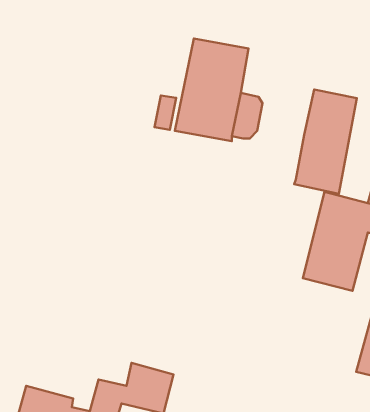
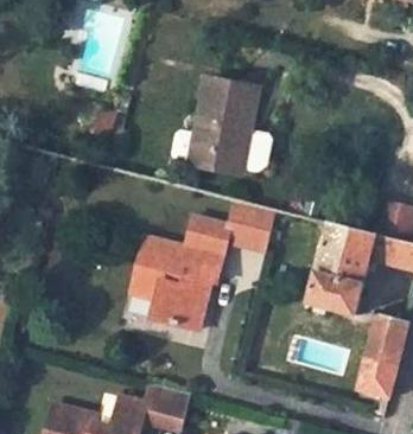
building: [294,90,357,194] -> none
building: none -> [128,198,275,328]

